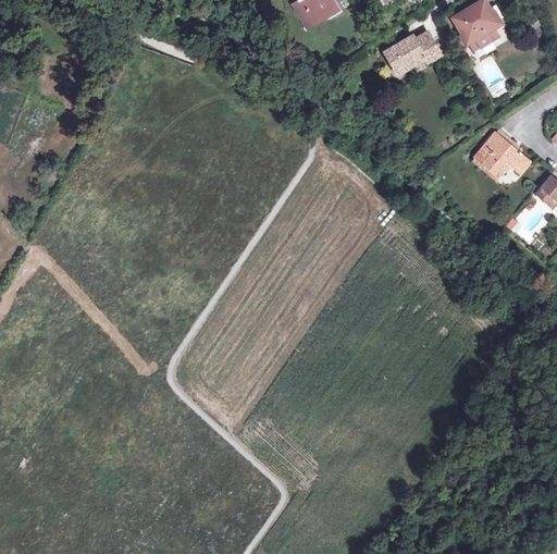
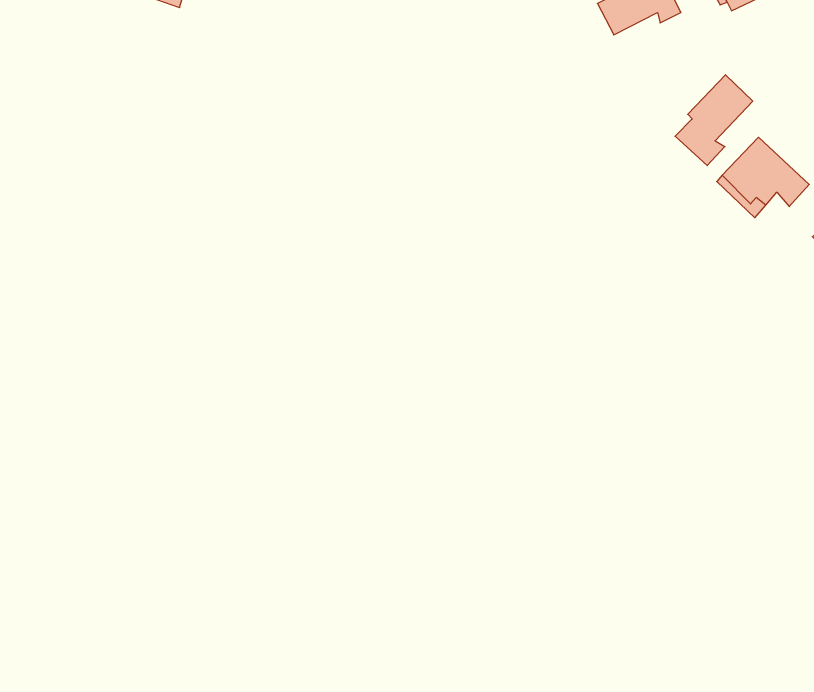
building: none -> [675,75,753,166]

